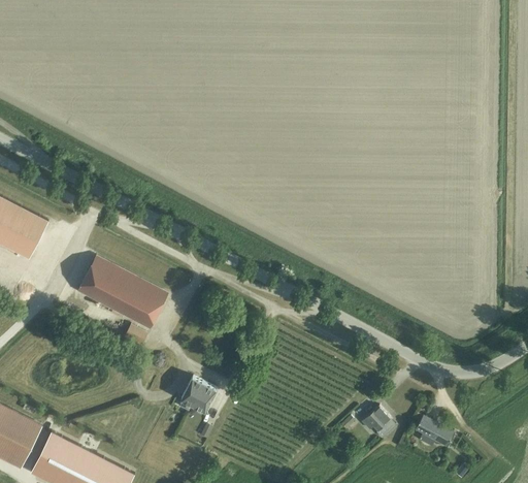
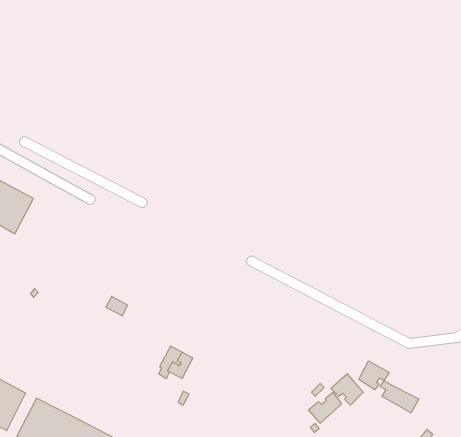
building: [77,256,168,328] -> none
building: none -> [359,361,389,390]
building: none -> [308,392,341,423]

